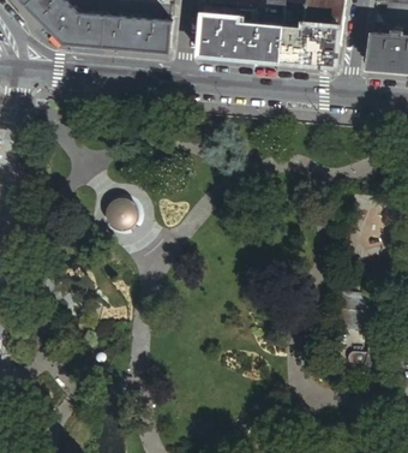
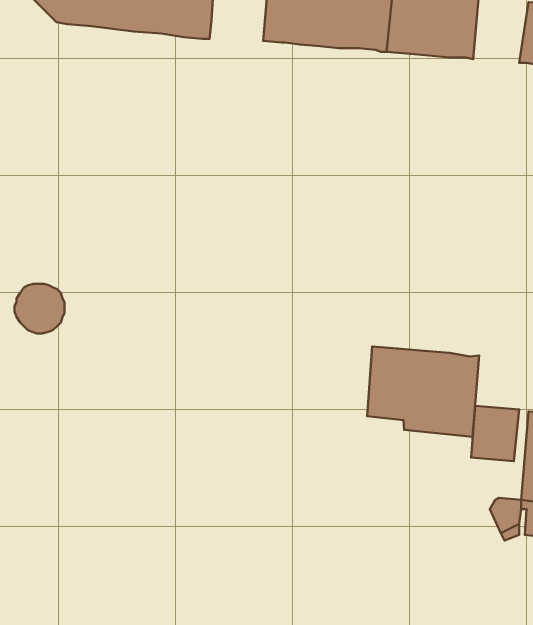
building: [104,201,137,233] -> [15,284,64,333]
building: none -> [367,347,479,437]

